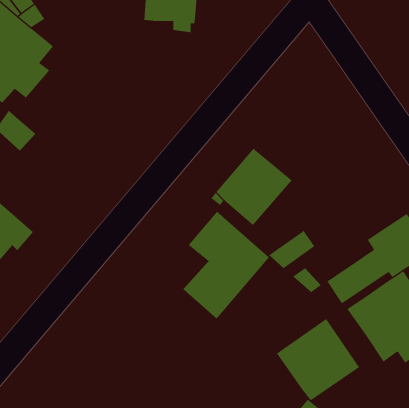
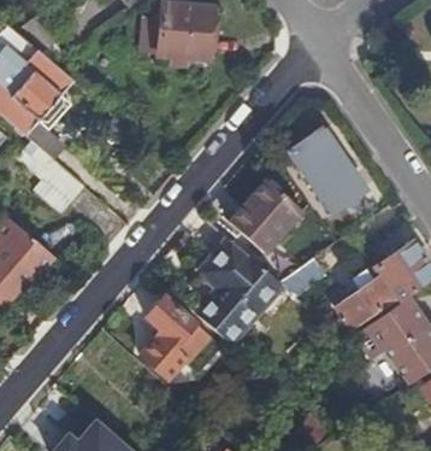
building: none -> [289,125,365,213]
building: none -> [35,165,84,213]
building: none -> [142,293,222,375]
building: [276,318,360,401] -> none

